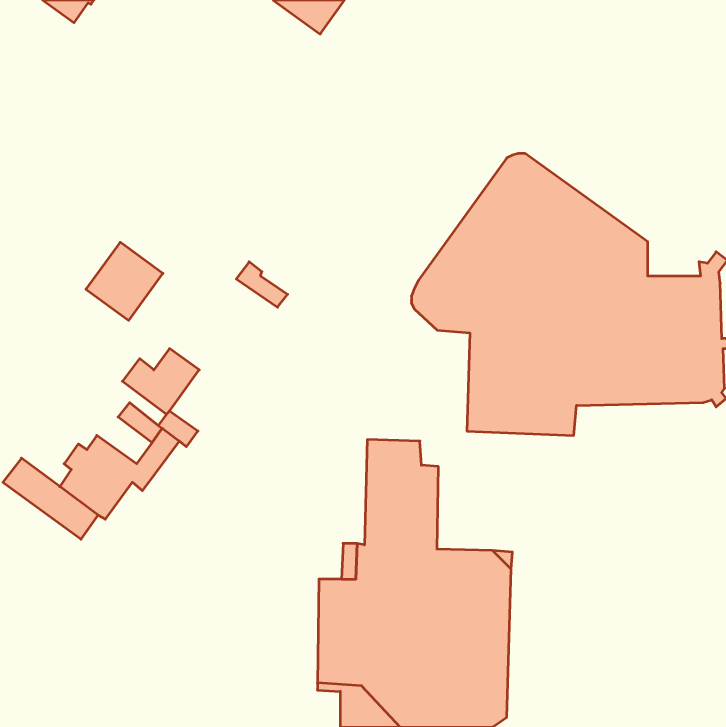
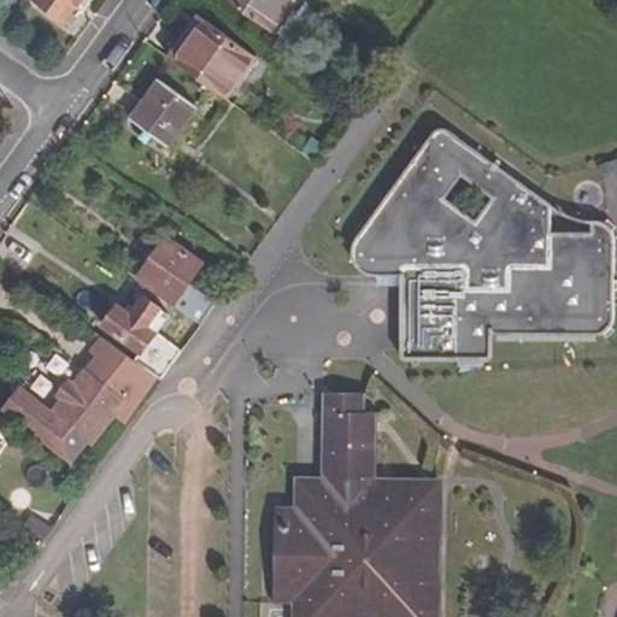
building: none -> [177,17,254,93]
building: none -> [131,80,196,148]
building: [86,242,163,320] -> [142,237,207,304]

